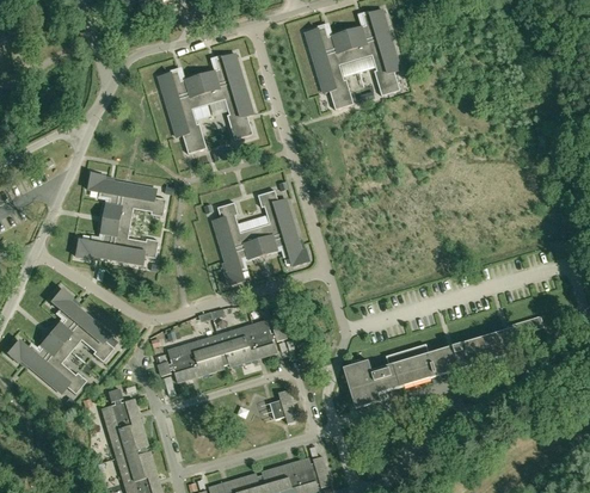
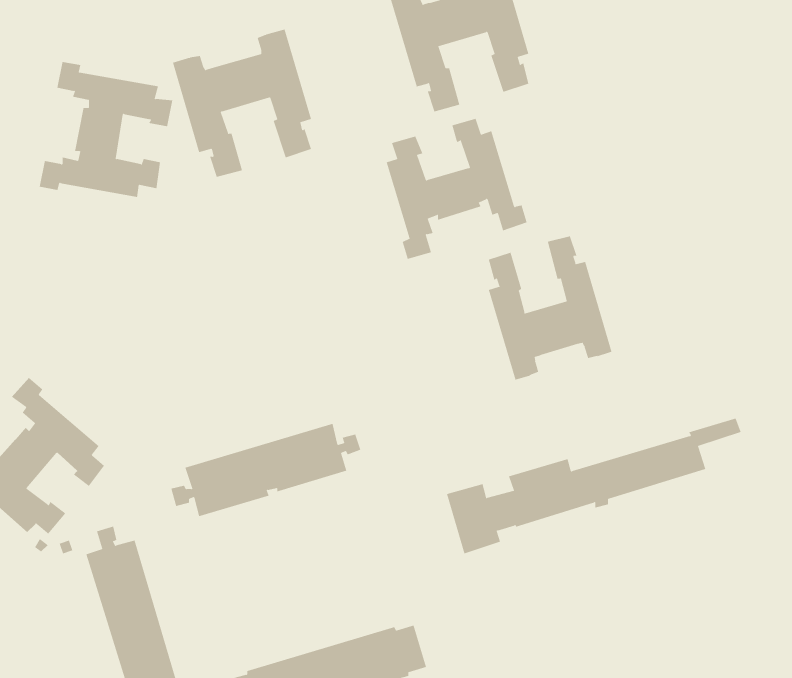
building: [75,172,166,264] -> [39,61,173,198]
building: [213,190,308,285] -> [386,118,527,260]
building: none -> [488,235,612,381]
building: [269,388,296,423] -> none

